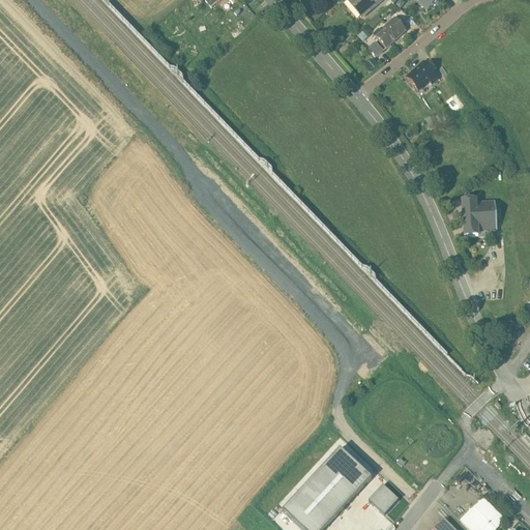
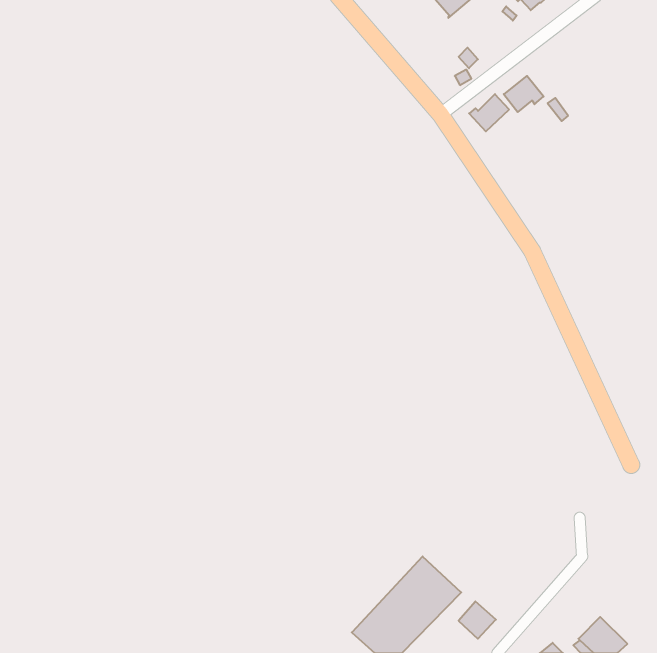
building: [374,16,406,46] -> [469,94,509,131]
building: [462,197,498,235] -> none

